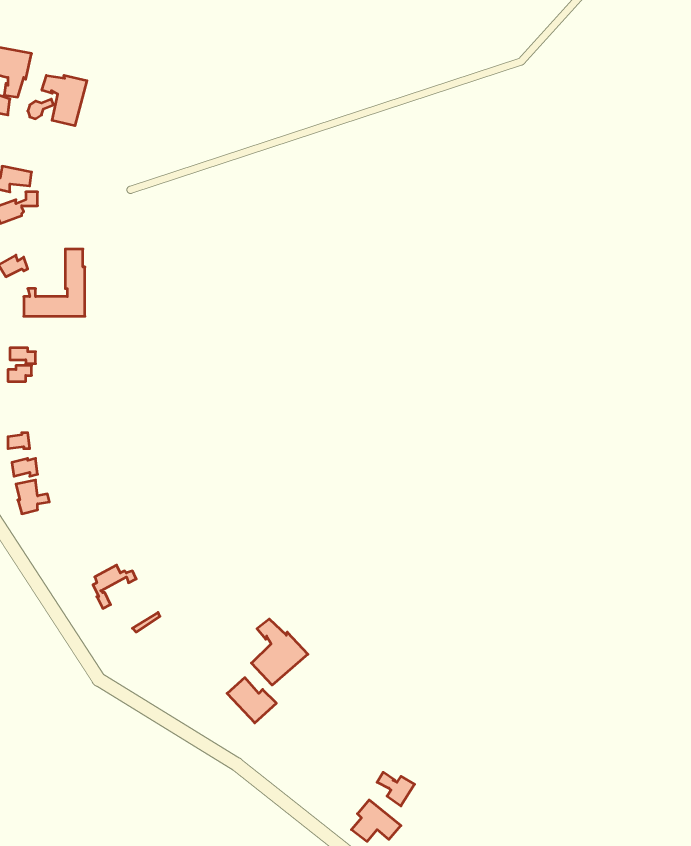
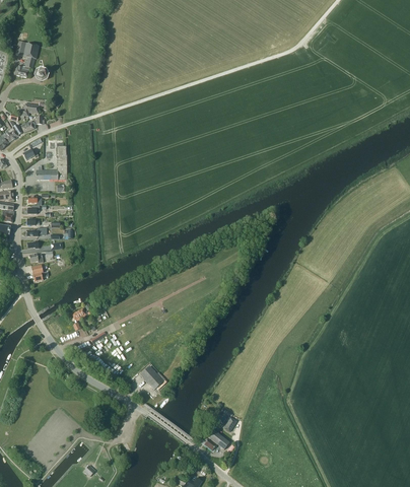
building: [42,75,87,126] -> none
building: [251,619,308,685] -> none

